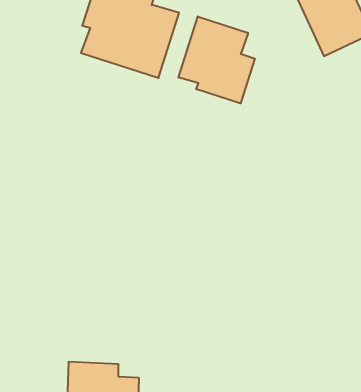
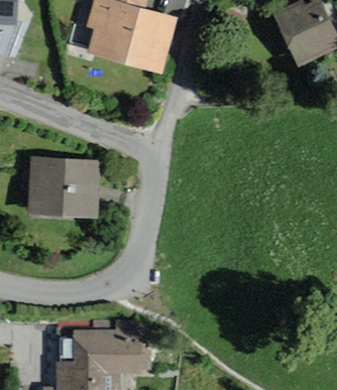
building: [178,16,255,103] -> none
building: none -> [27,158,97,218]

